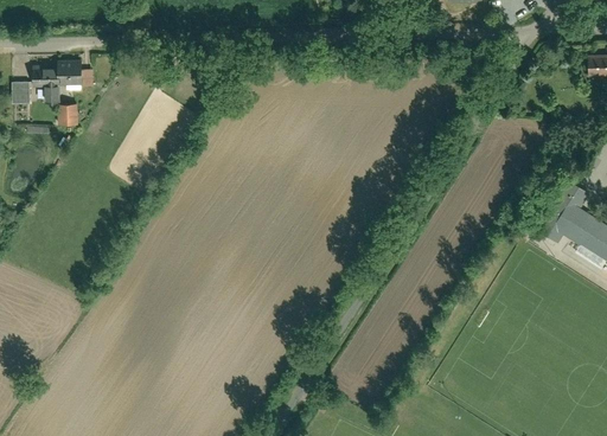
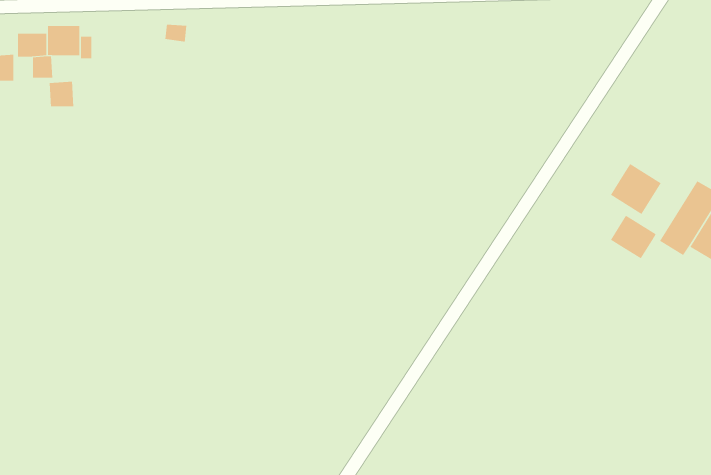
building: none -> [610,163,662,215]
building: none -> [610,215,657,259]

